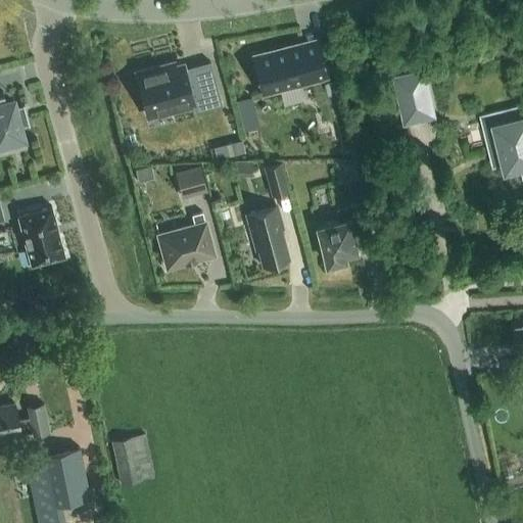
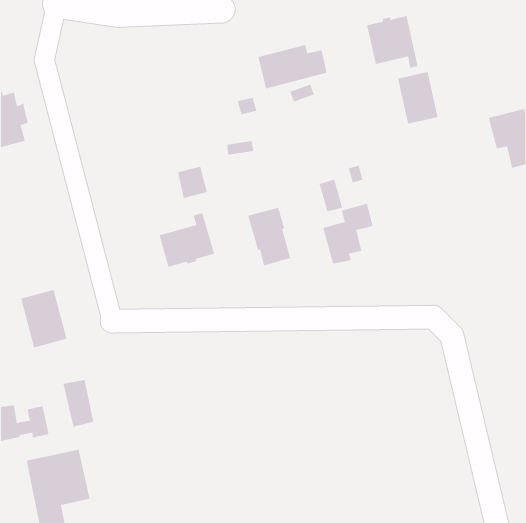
building: none -> [366,15,419,68]
building: [135,63,222,116] -> none
building: [264,163,288,197] -> [319,178,343,212]
building: [17,207,64,267] -> [20,289,68,349]
building: [110,438,142,486] -> [62,379,94,427]

